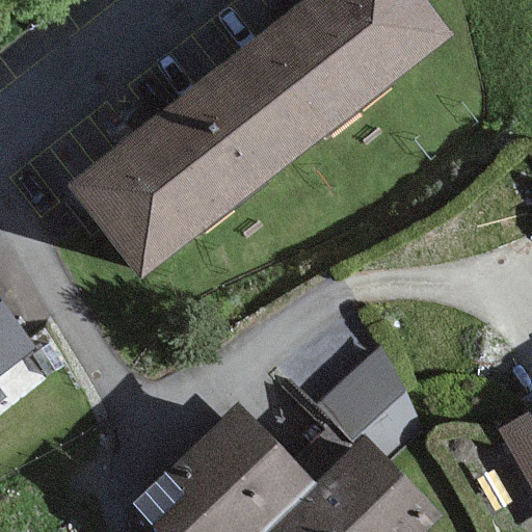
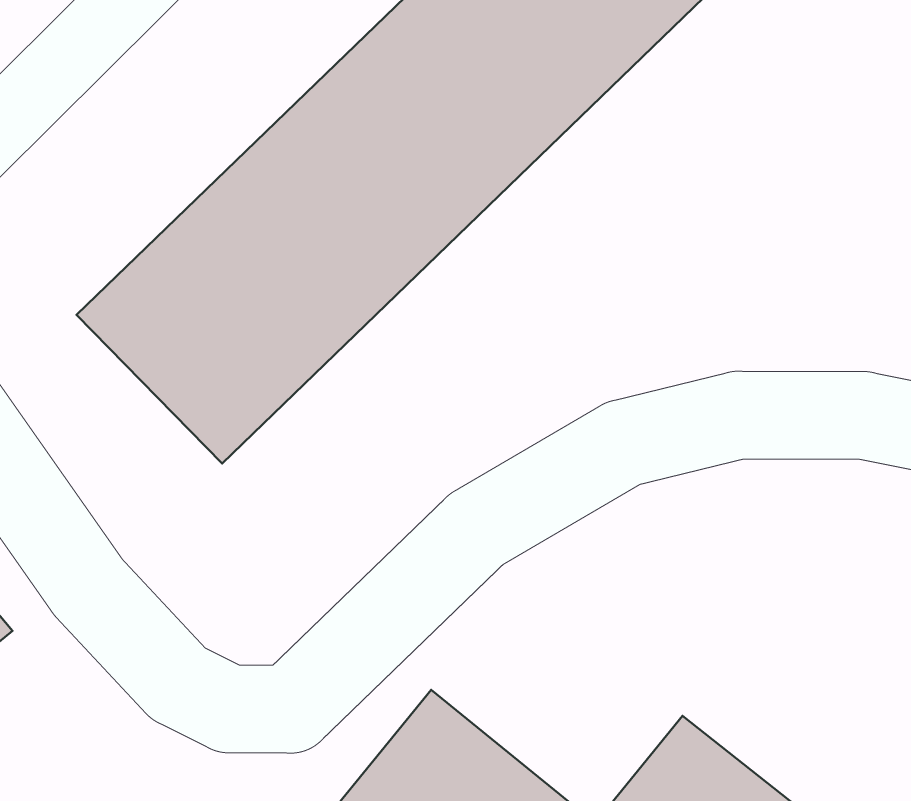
building: [321,345,427,441] -> none

